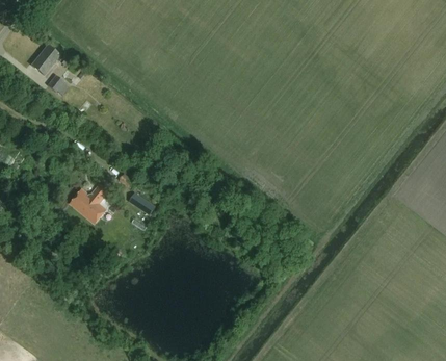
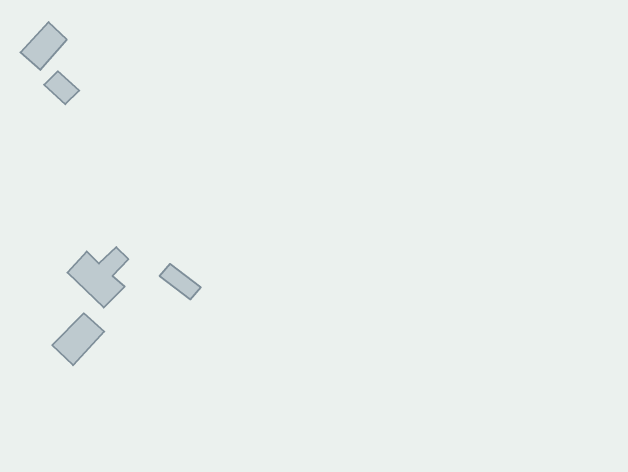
building: none -> [52,313,104,365]

